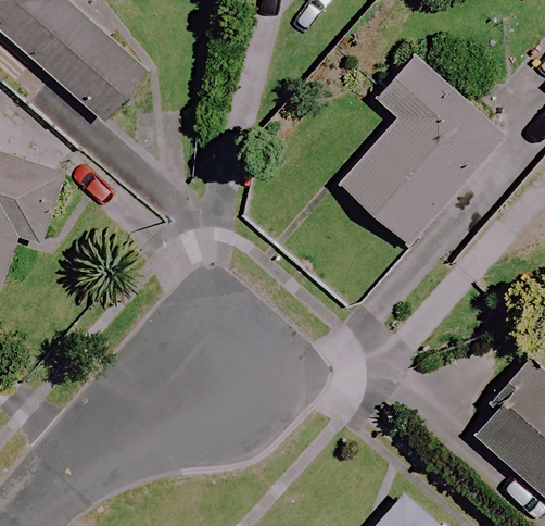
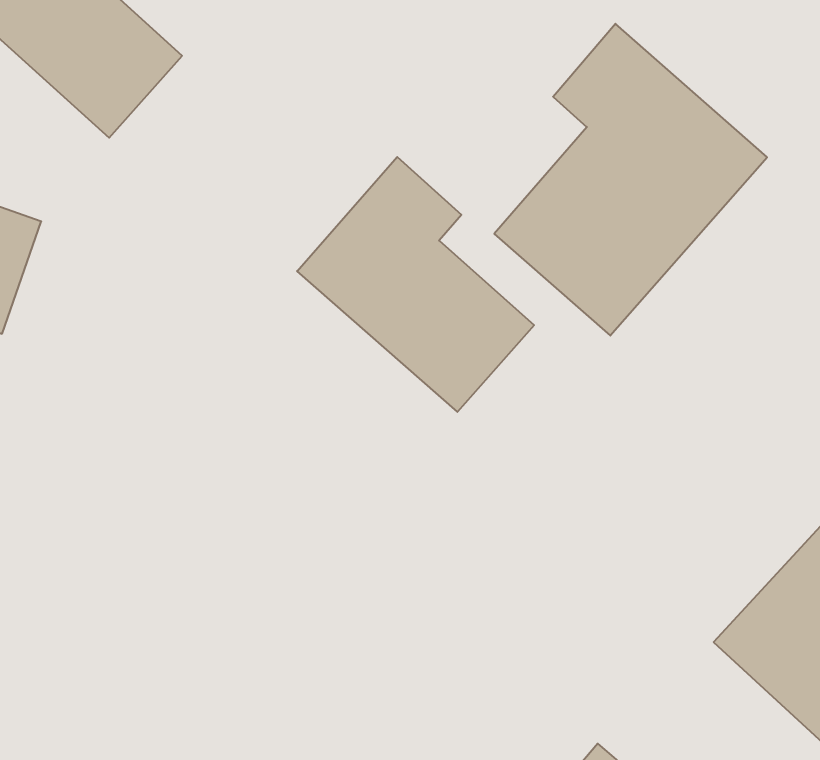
building: none -> [297,157,534,412]

